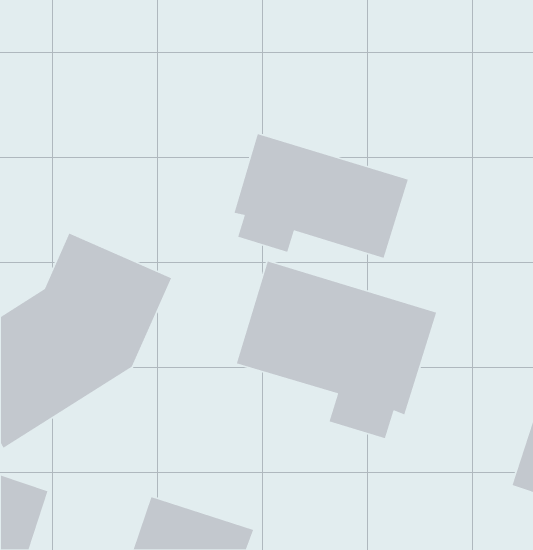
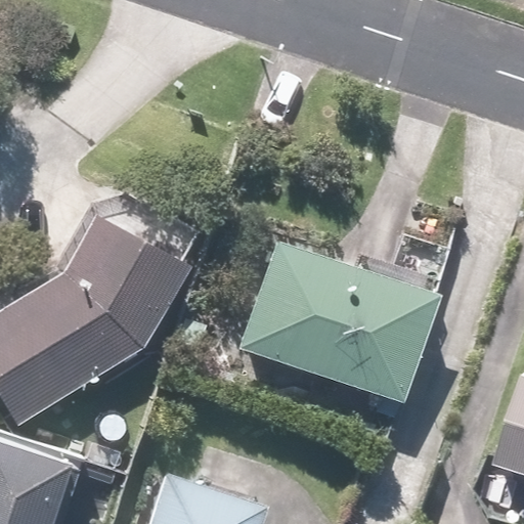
building: [234,133,409,259] -> none

